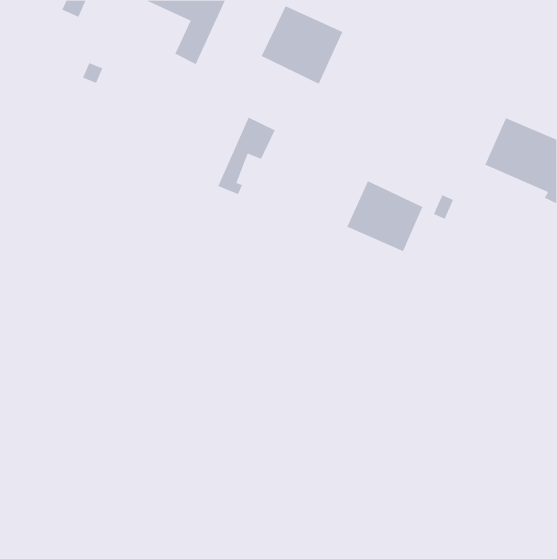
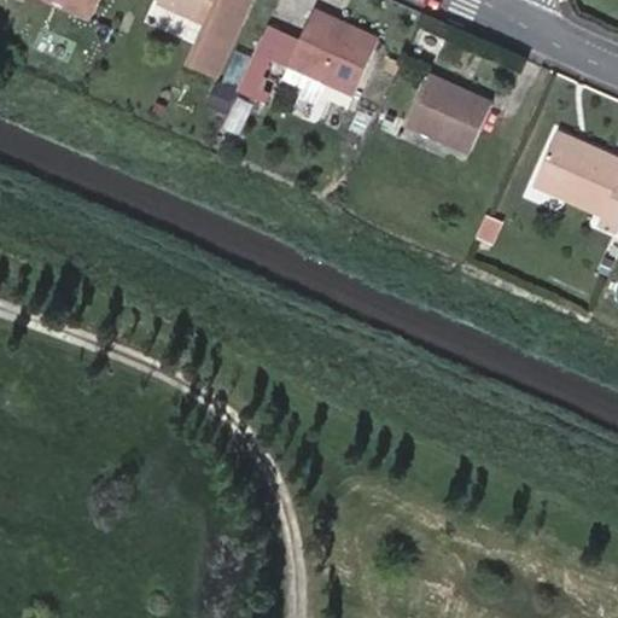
building: [218,117,276,195] -> [239,17,303,103]
building: [347,181,423,252] -> [406,74,490,152]

